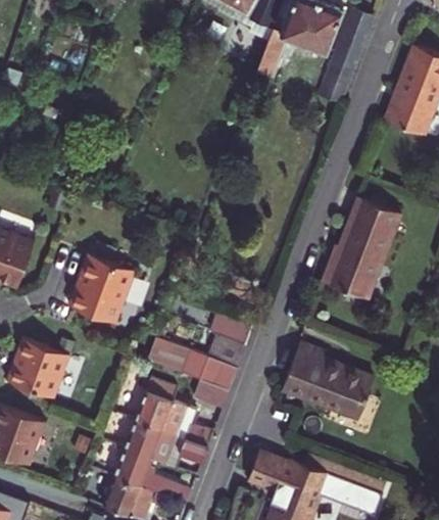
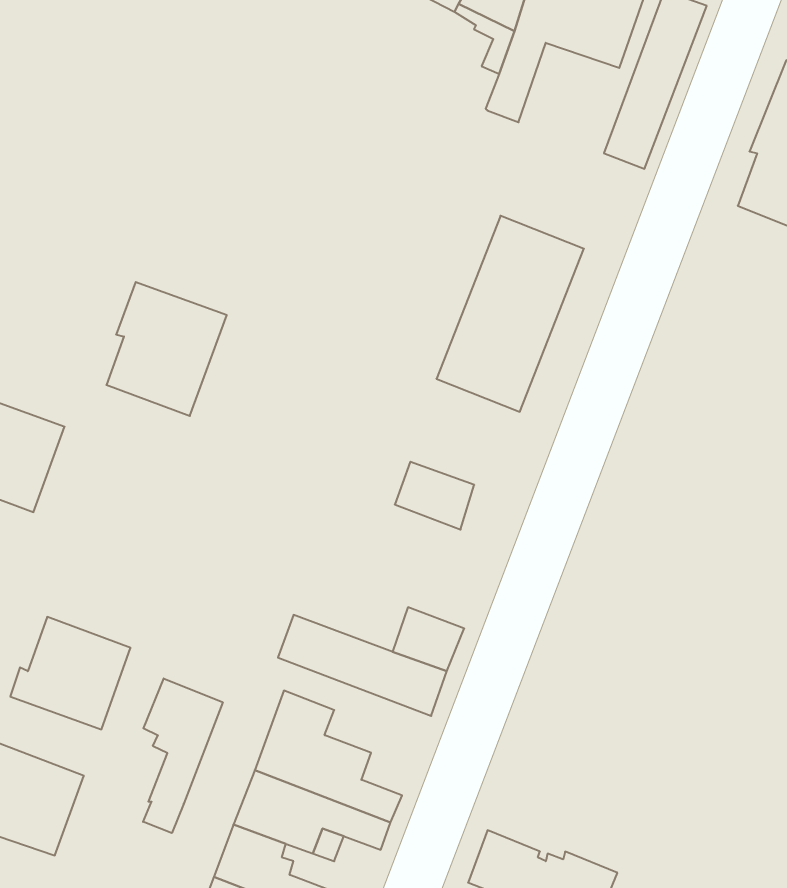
building: [323,196,400,299] -> [436,216,584,412]
building: [72,253,136,324] -> [106,282,227,416]
building: [211,310,253,345] -> [395,462,474,530]
building: [282,344,374,419] -> none
building: none -> [143,678,223,833]

